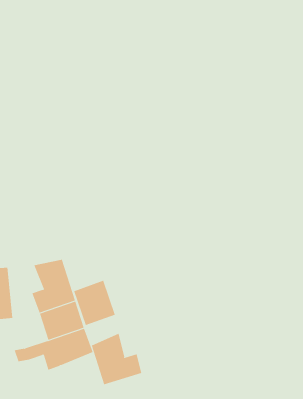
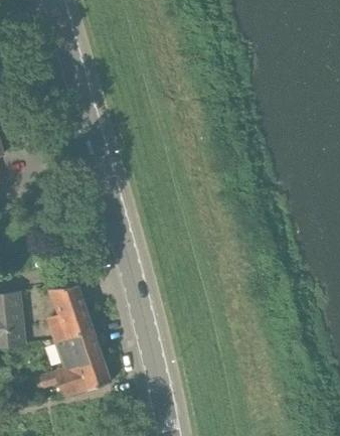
building: [73,280,116,326] -> none
building: [91,333,142,385] -> none

